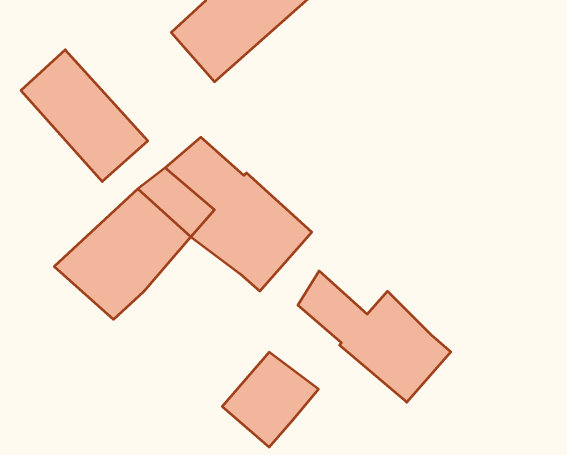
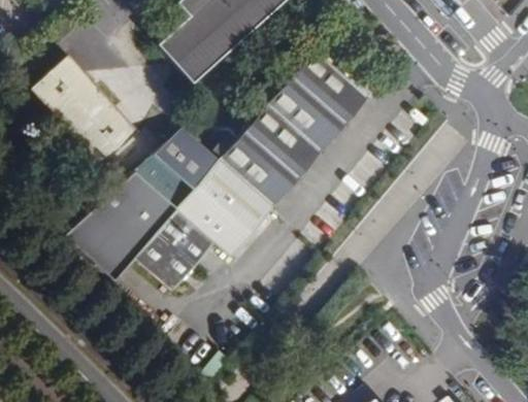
building: none -> [220,47,370,206]
building: [298,271,451,402] -> none
building: [222,352,318,447] -> [134,210,214,290]

